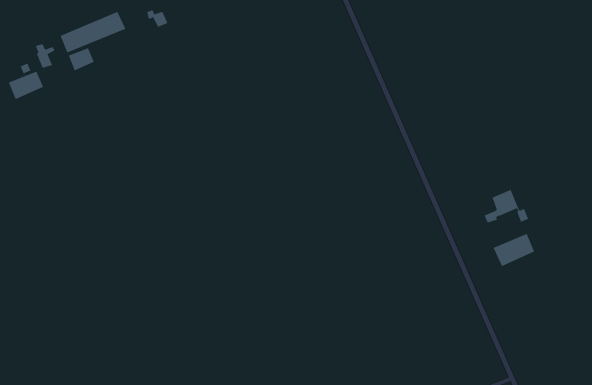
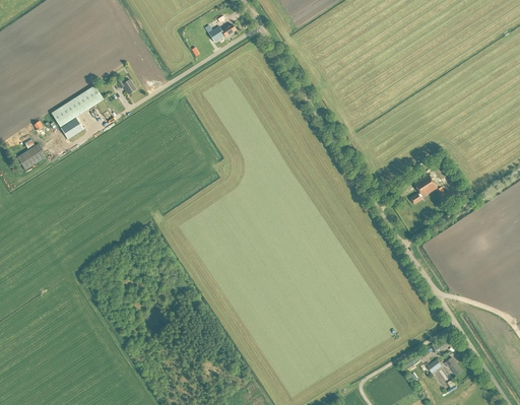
building: [492,233,535,267] -> none

